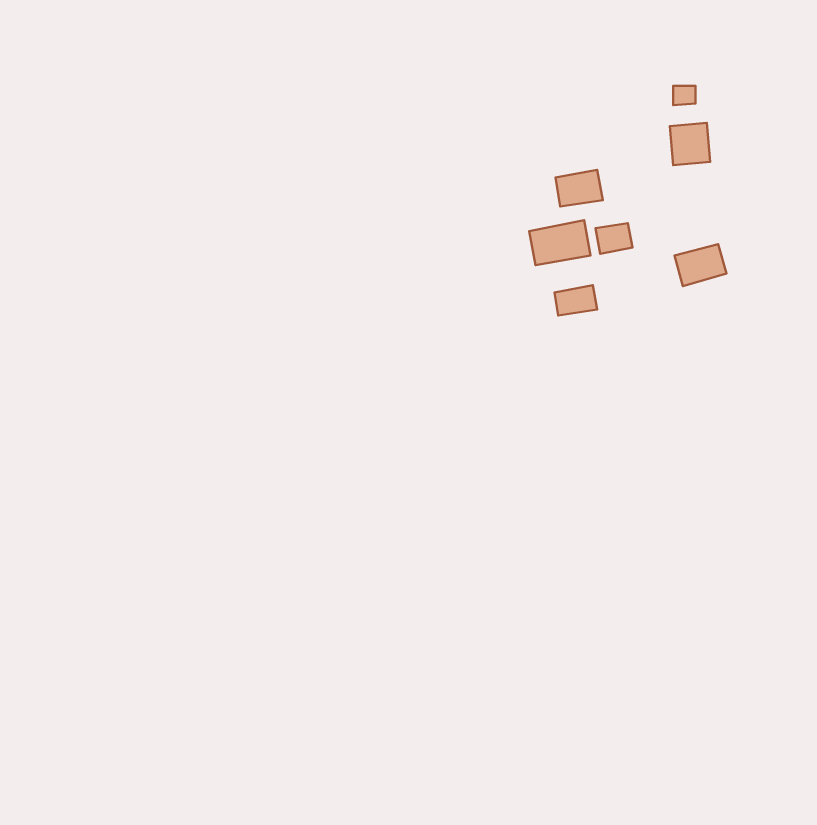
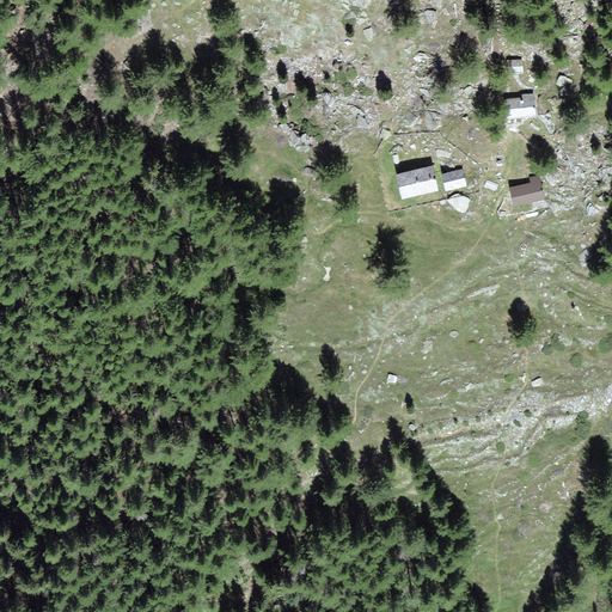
building: [555,170,603,206] -> none
building: [554,285,597,315] -> none

